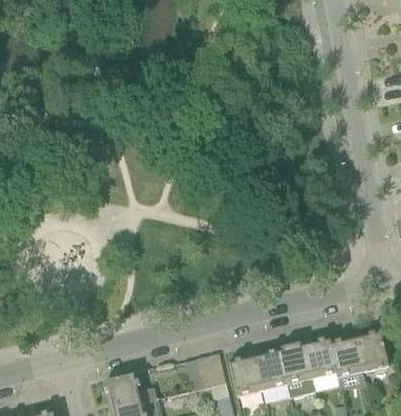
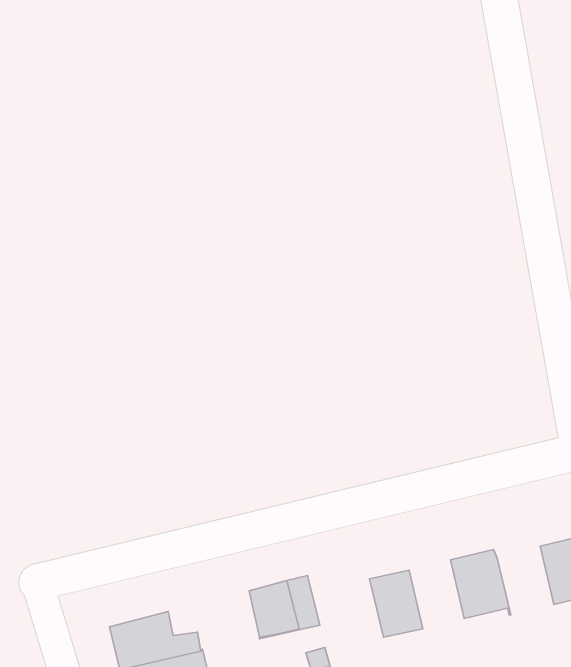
building: [329,337,363,378] -> none
building: [278,345,313,394] -> none
building: [228,355,263,397] -> none

